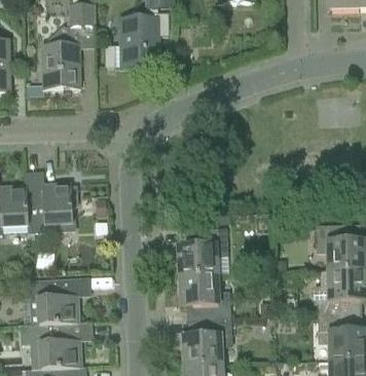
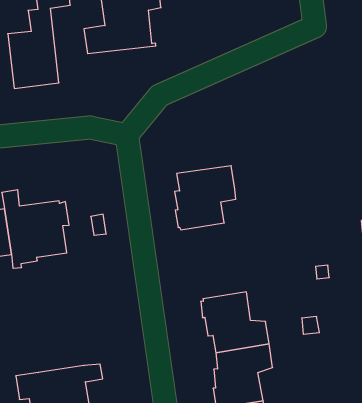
building: [178,228,228,276] -> [175,166,236,230]
building: [30,277,90,324] -> none

